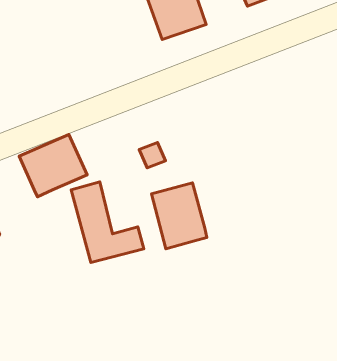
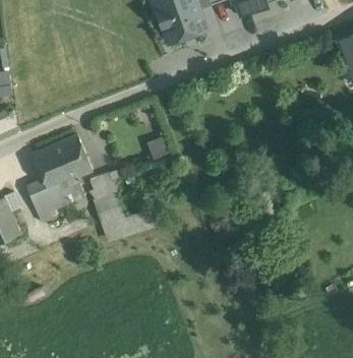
building: [152,183,207,249] -> none
building: none -> [34,177,80,212]

